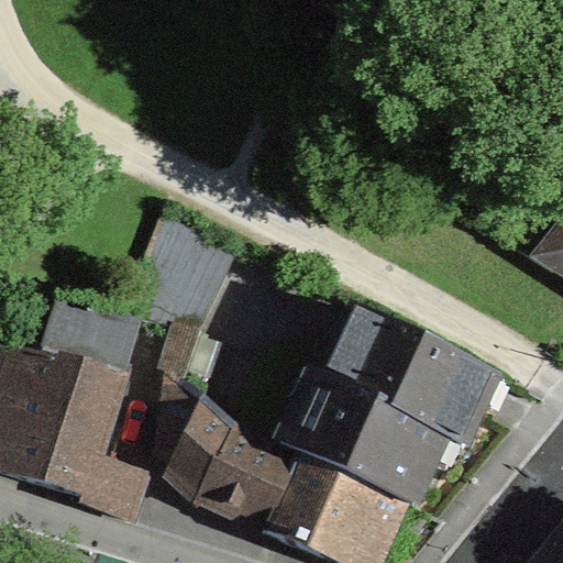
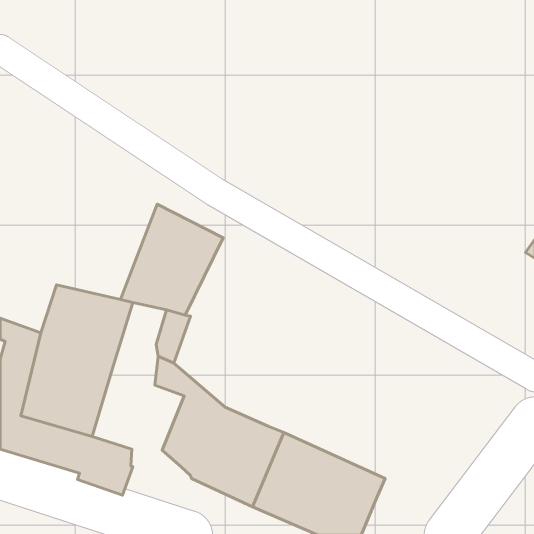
building: [283,317,500,507] -> none

